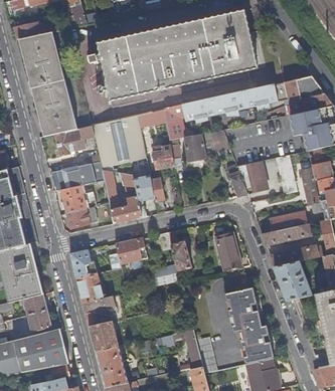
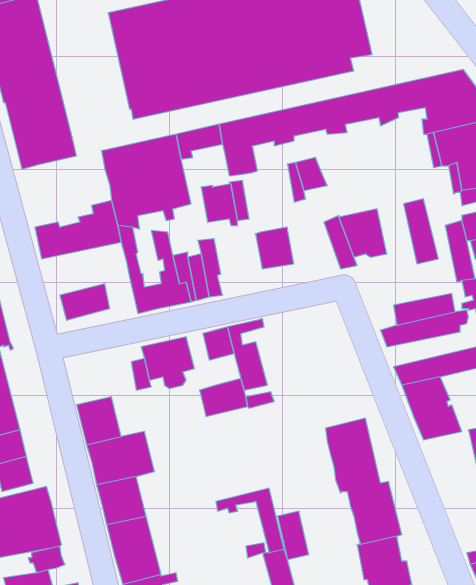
building: [54,125,94,156] -> none
building: [183,134,206,159] -> [255,227,294,269]
building: [63,191,109,212] -> none
building: [214,233,241,270] -> none
building: [69,249,98,278] -> none

